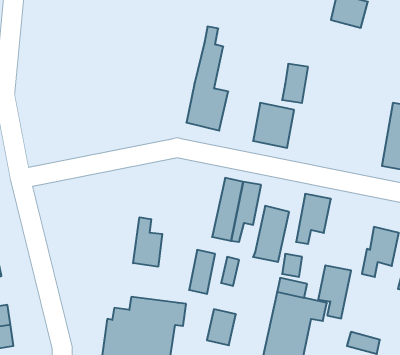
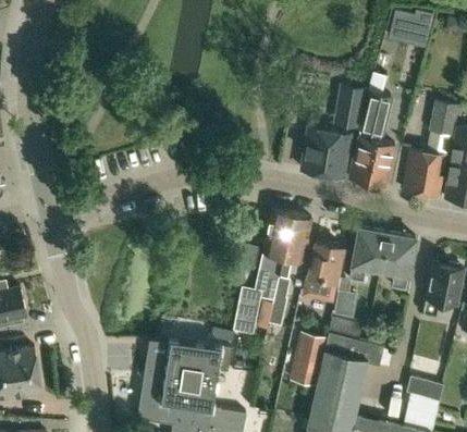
building: [186,27,228,131] -> [348,73,394,186]
building: none -> [428,100,458,136]
building: none -> [403,149,445,195]
building: [133,217,162,267] -> none
building: [318,265,351,318] -> [380,232,416,289]
building: [207,309,236,345] -> [294,336,325,375]

